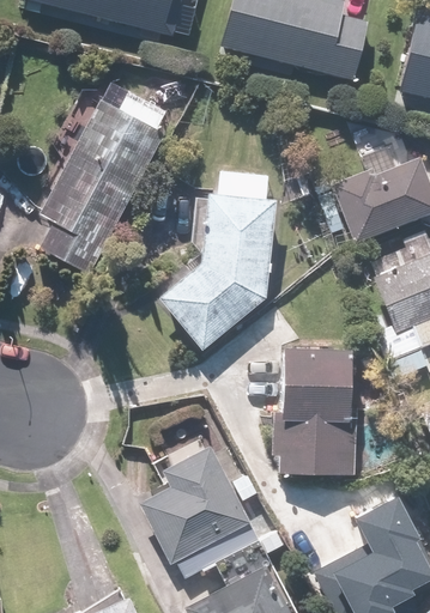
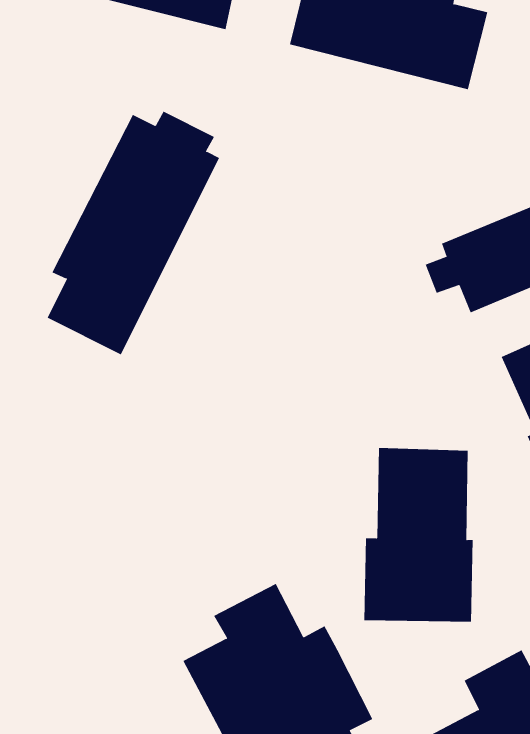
building: [159,174,277,350] -> none

